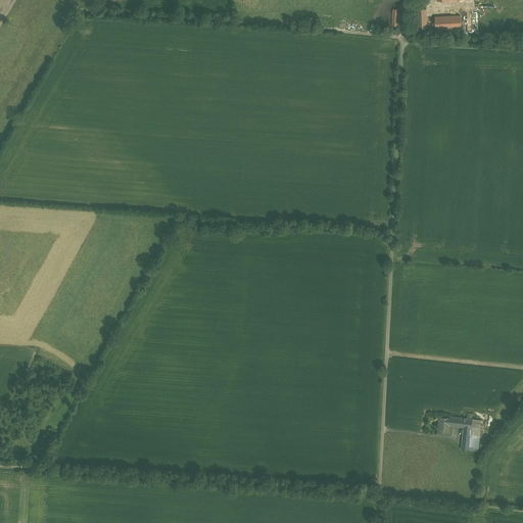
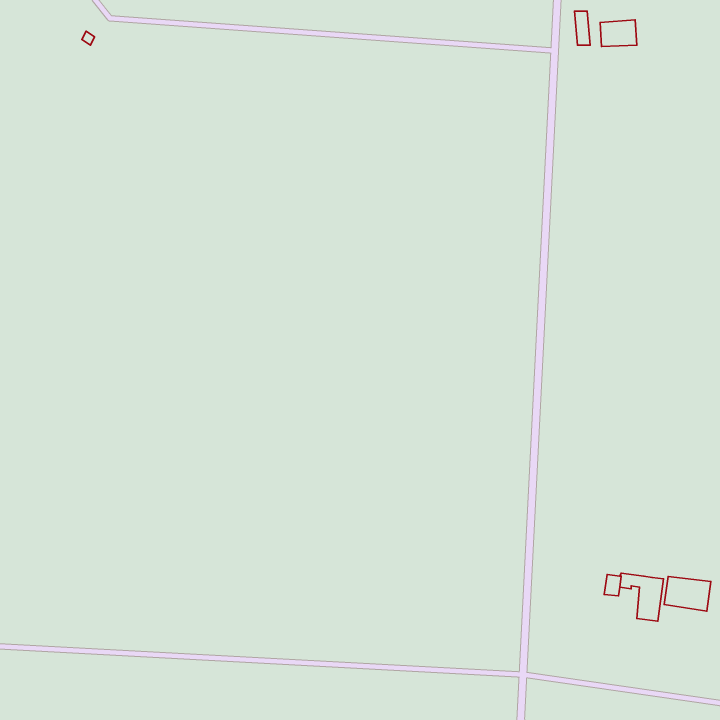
building: none -> [664,576,711,611]

